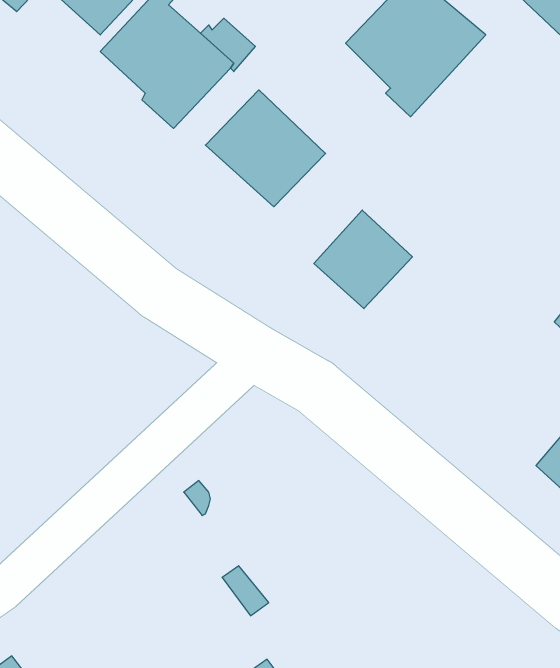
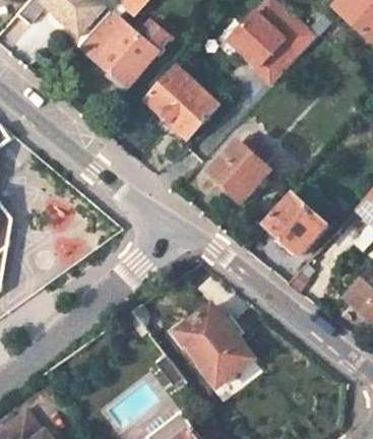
building: none -> [265,195,324,252]
building: none -> [177,307,252,386]

